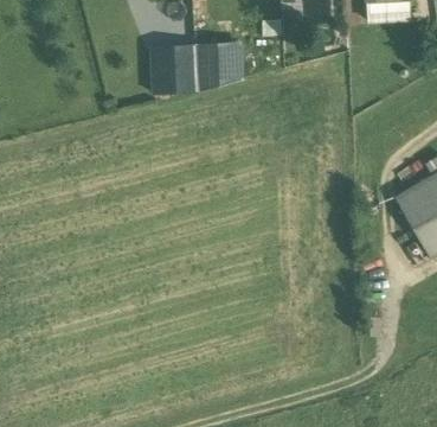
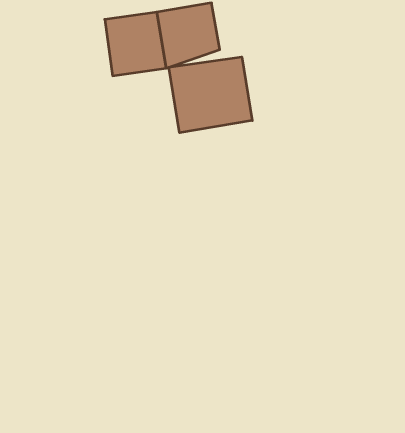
building: none -> [169,57,252,133]

